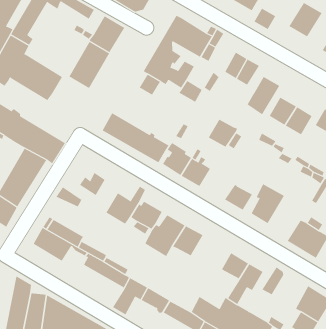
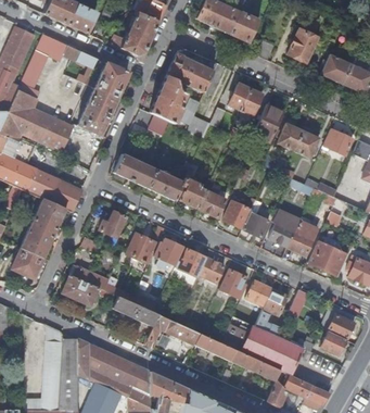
building: [208,119,238,147] -> [224,202,252,229]
building: none -> [288,220,318,256]
building: none -> [218,268,247,299]

